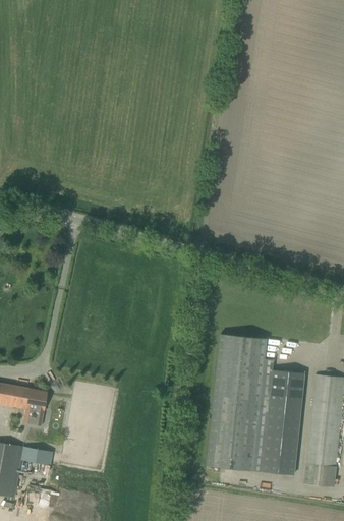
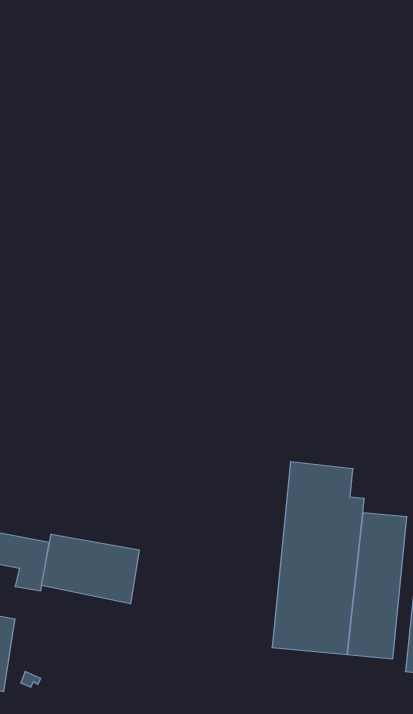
building: none -> [42,534,139,604]
building: [21,446,53,465] -> none

